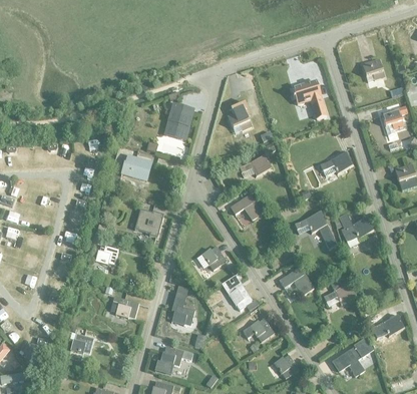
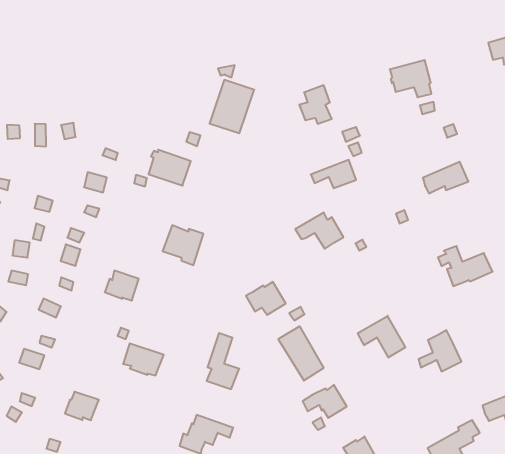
building: [295,212,336,248] -> none

